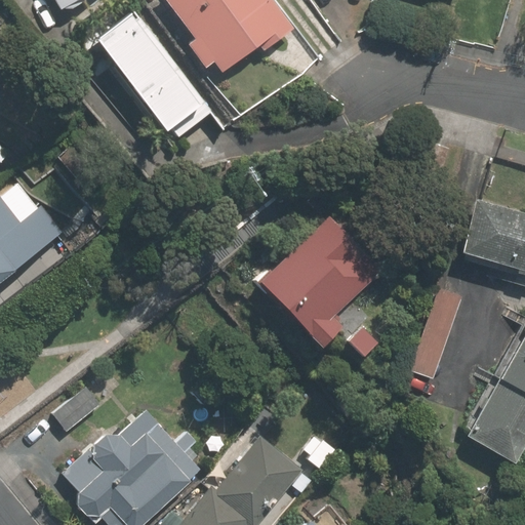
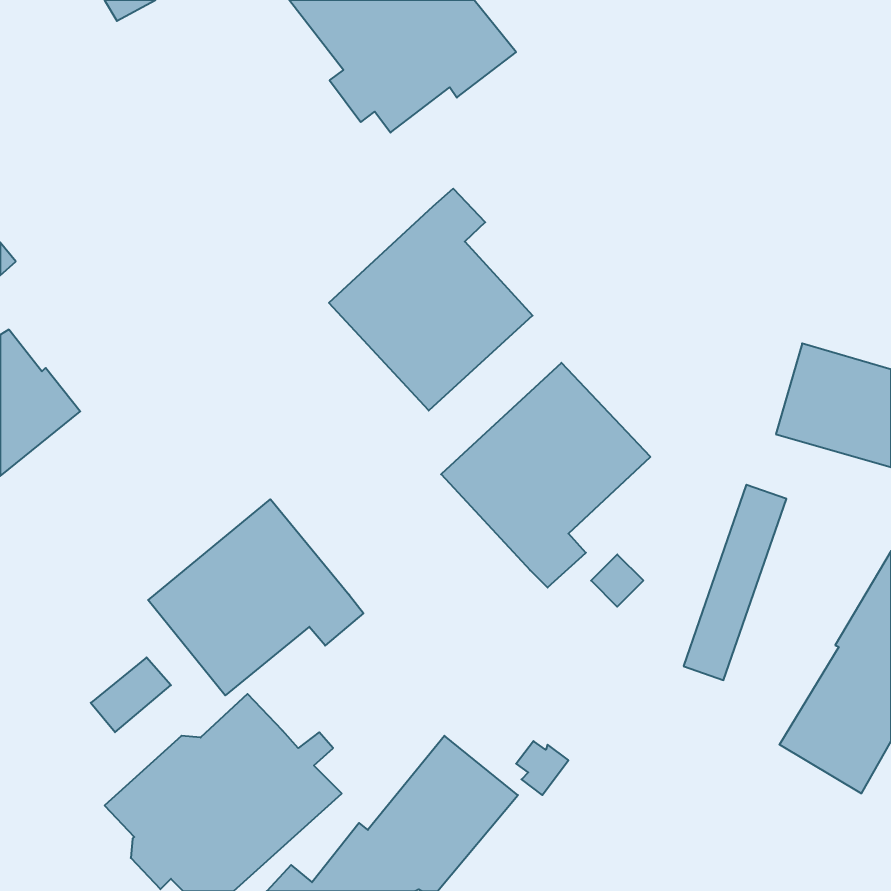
building: [99,12,211,139] -> none
building: none -> [329,189,533,411]
building: none -> [148,499,363,695]

